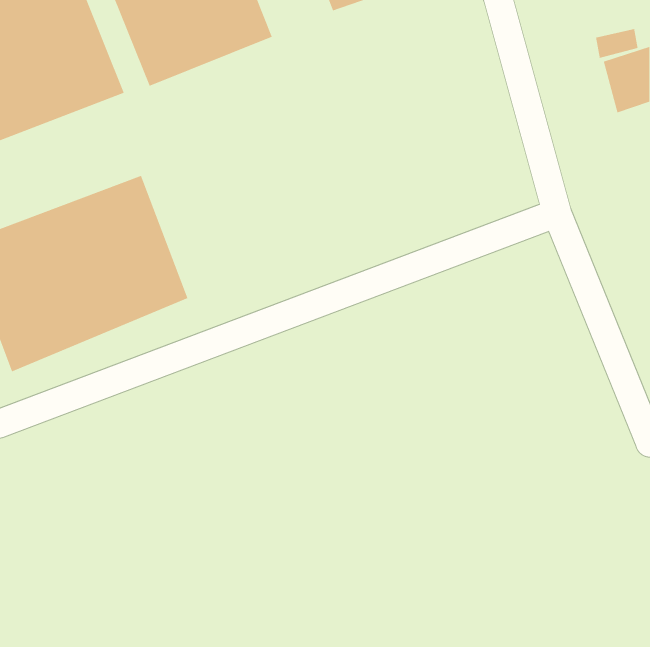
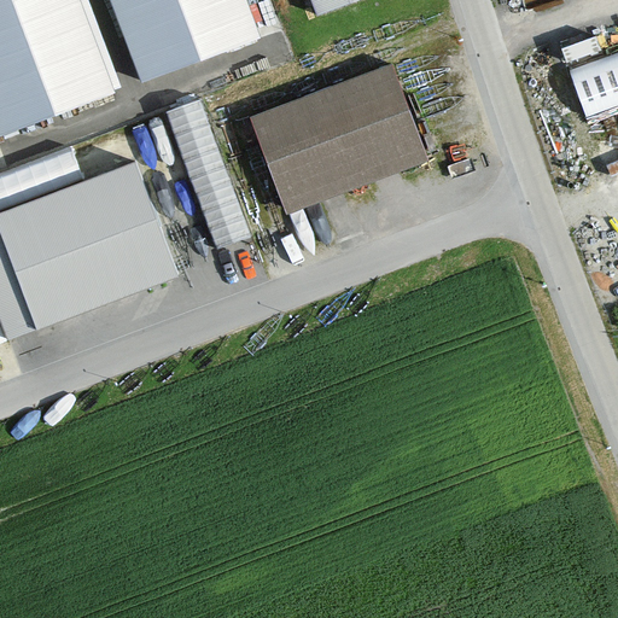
building: none -> [251,63,426,211]
building: none -> [169,86,245,241]

